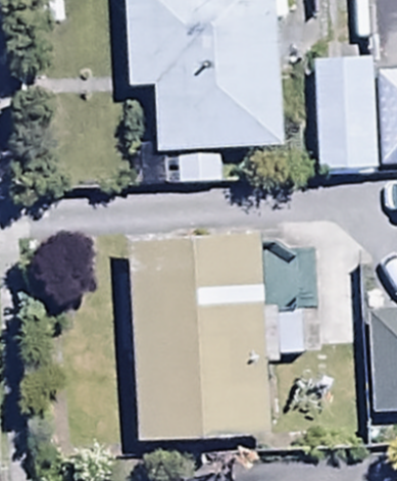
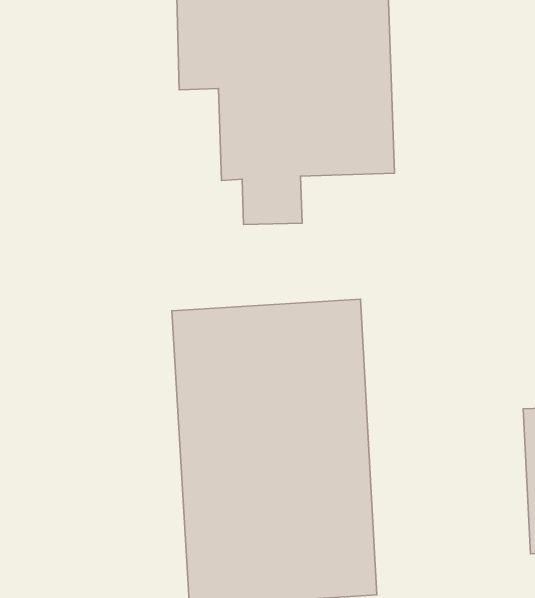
building: [316,40,378,166] -> none

